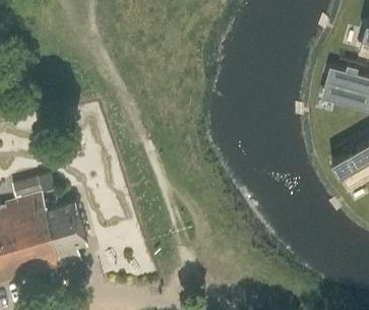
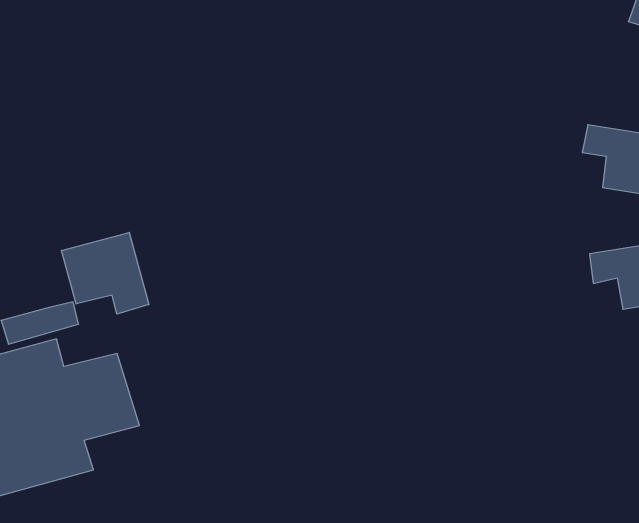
building: none -> [61,232,149,314]

